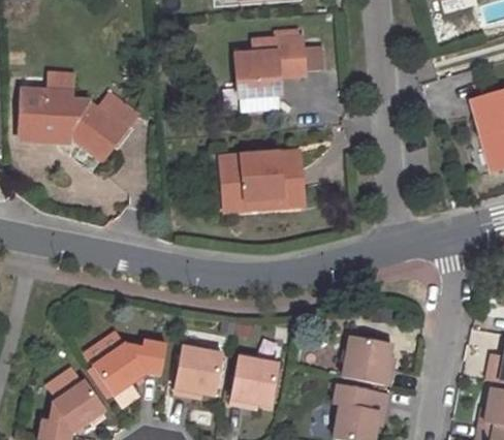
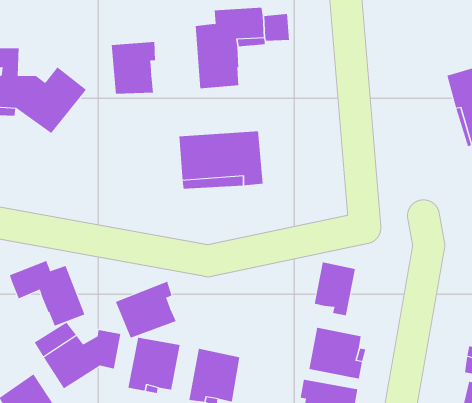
building: none -> [111,41,155,95]
building: none -> [9,260,85,326]
building: none -> [314,262,355,316]
building: none -> [115,281,176,339]

